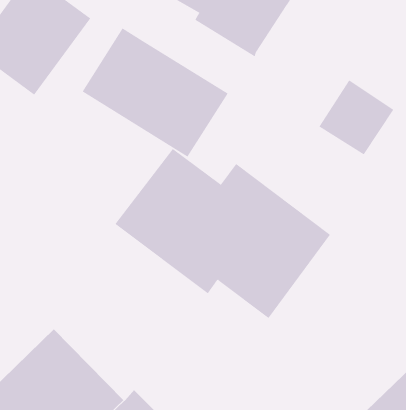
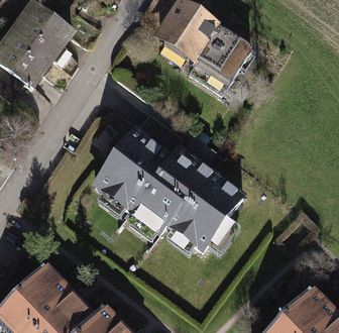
building: [82,28,228,157] -> none
building: [319,79,394,155] -> [197,23,252,79]

